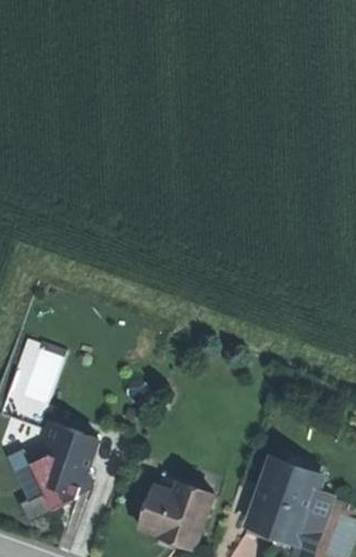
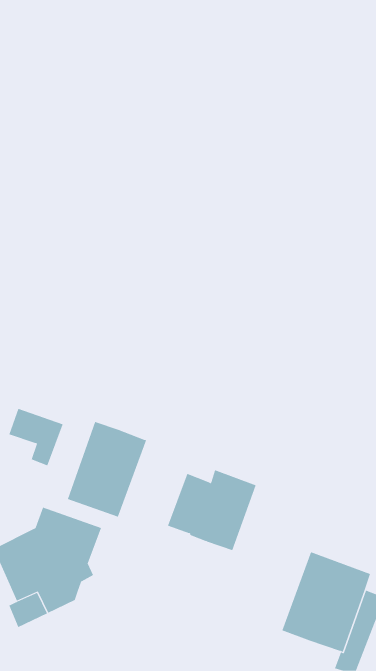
building: none -> [67,421,147,518]
building: [138,481,212,548] -> [167,469,256,551]

